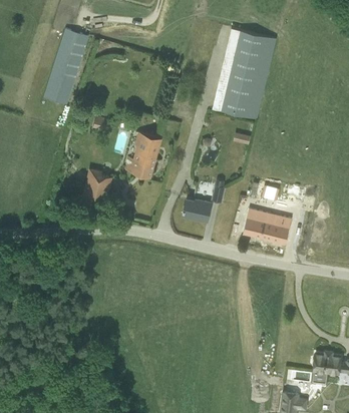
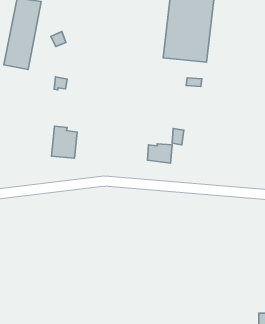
building: [125,131,162,178] -> none
building: [244,209,292,243] -> none

